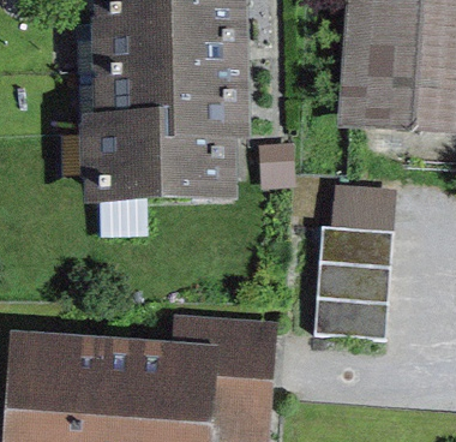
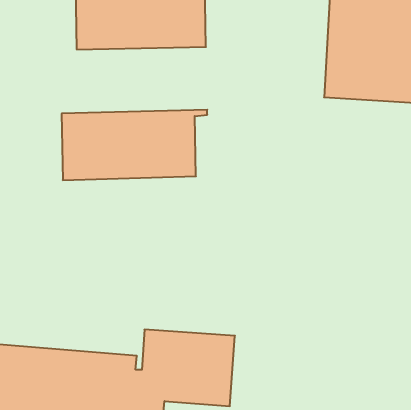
building: [100,67,239,131] -> none
building: [313,223,394,338] -> none

